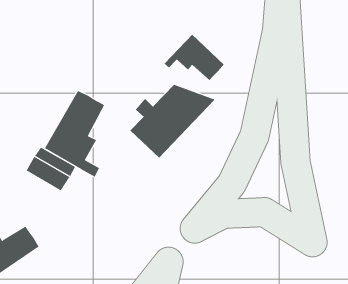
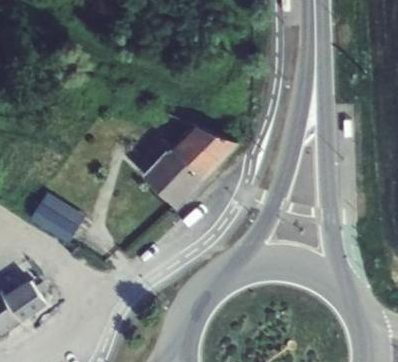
building: [164,34,225,81] -> none
building: [44,90,105,177] -> none

